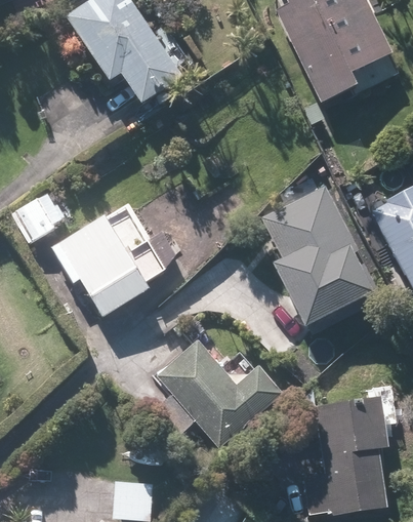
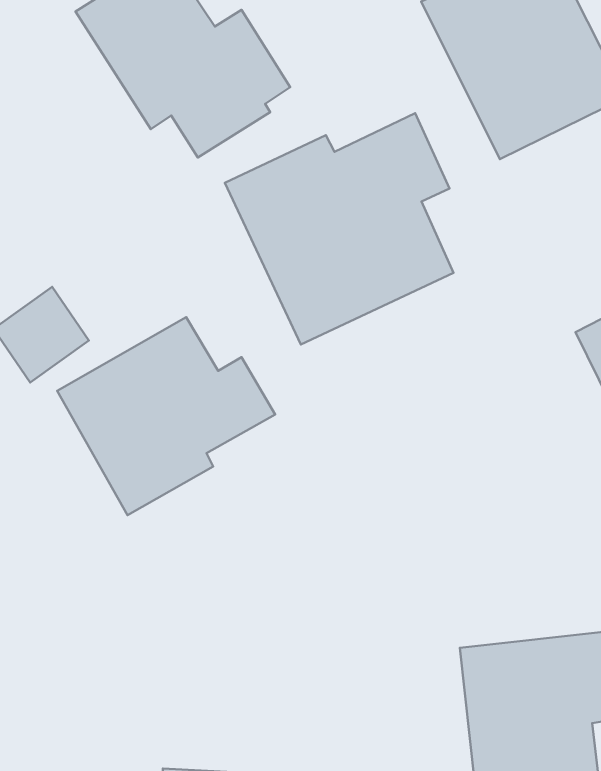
building: none -> [225,113,454,344]
building: [261,184,371,327] -> none
building: [158,338,283,445] -> none

